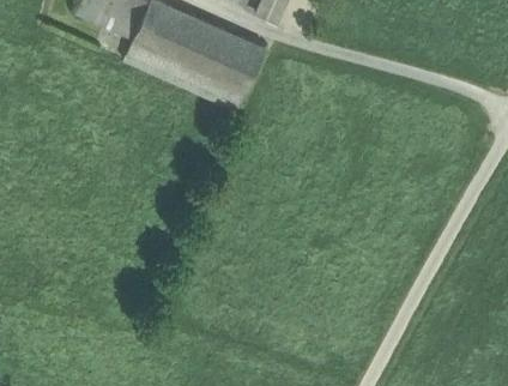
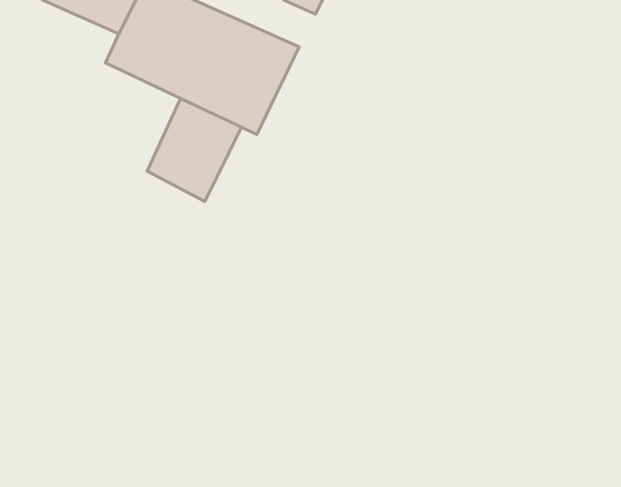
building: none -> [147,98,241,202]

